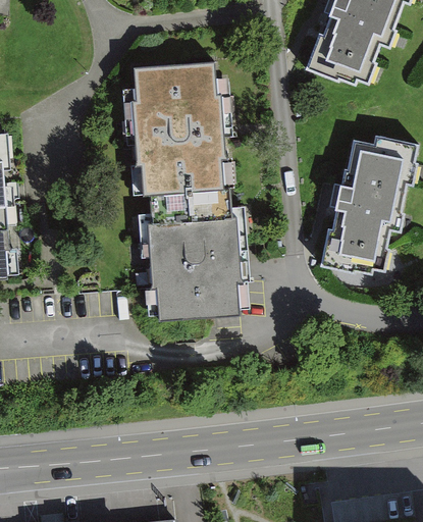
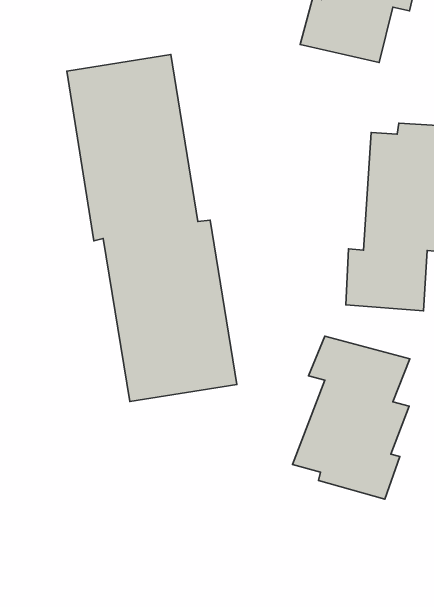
building: none -> [292,336,410,499]

